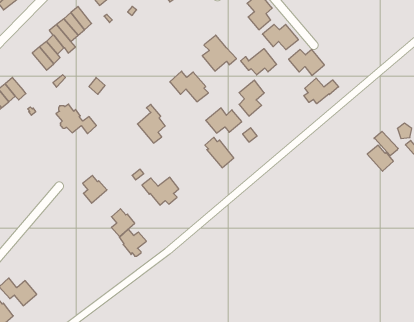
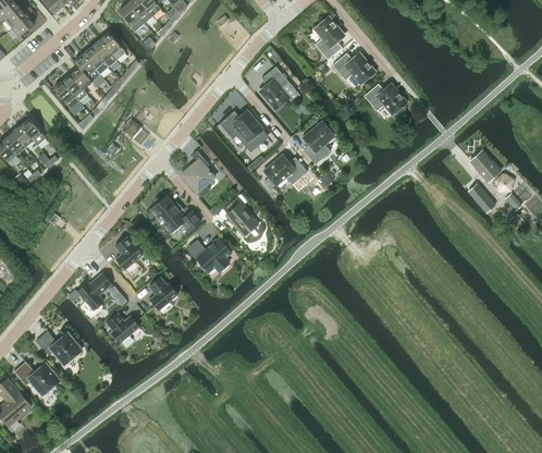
building: [241,49,277,75] -> none
building: [304,78,339,104] -> none
building: [56,104,96,134] -> [151,196,200,232]
building: [205,137,234,168] -> [223,199,258,236]
building: [367,145,393,171] -> [469,150,501,182]
building: none -> [77,273,112,310]
building: [119,229,146,256] -> [107,313,139,345]
building: none -> [36,331,81,364]

